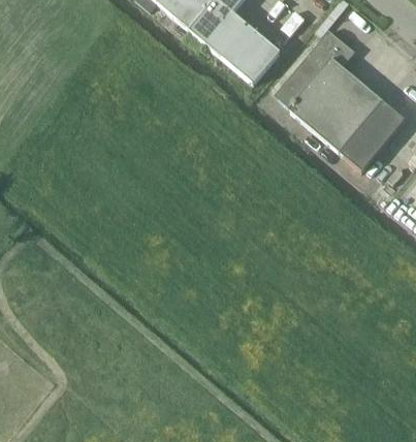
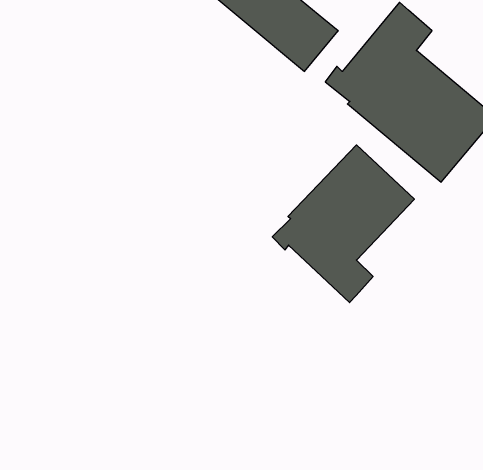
building: none -> [272,145,414,303]

